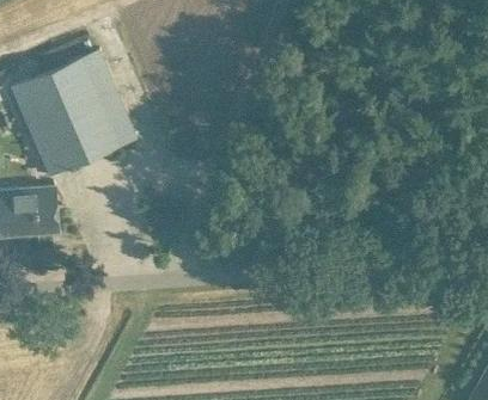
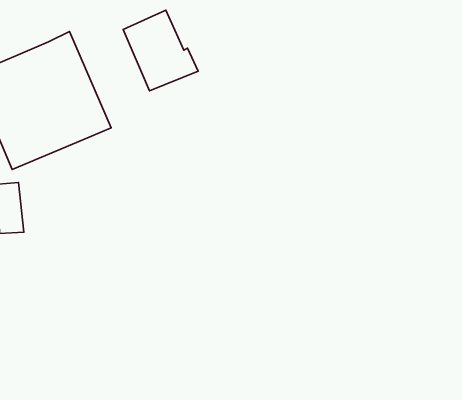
building: none -> [123,10,198,91]

